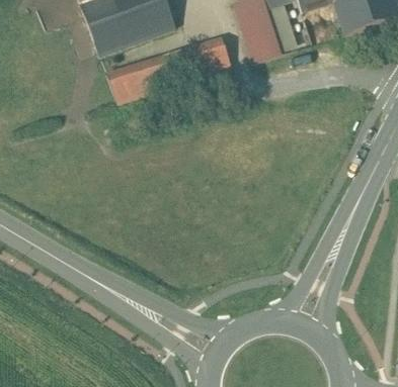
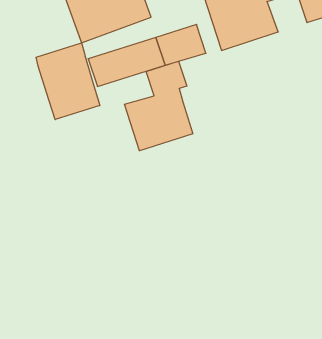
building: none -> [36,43,100,120]
building: none -> [125,61,193,151]

